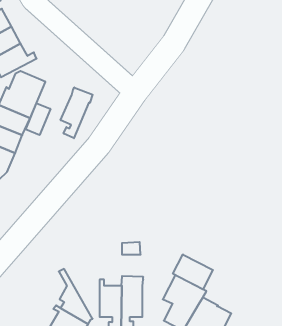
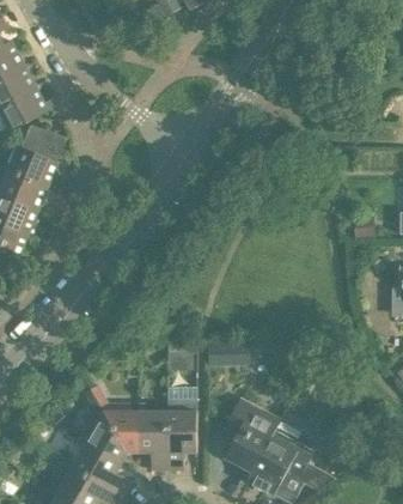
building: [61,87,93,138] -> none
building: [26,103,50,135] -> none
building: [173,254,213,289] -> none
building: none -> [91,385,139,456]

